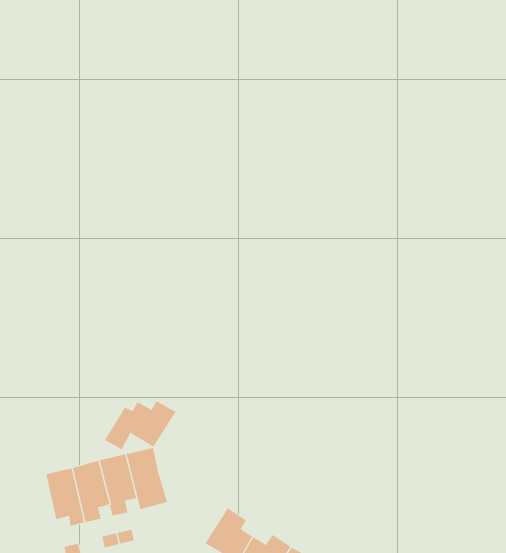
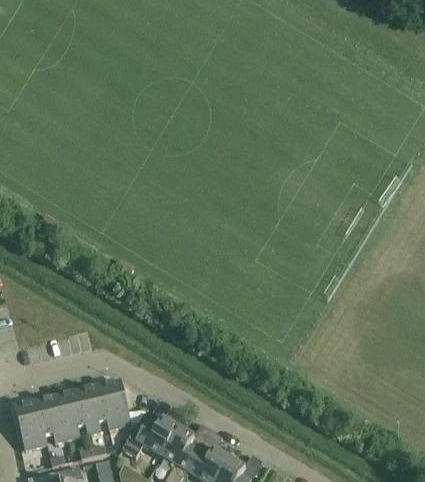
building: [104,400,177,450] -> [122,418,179,457]
building: none -> [14,401,46,449]

